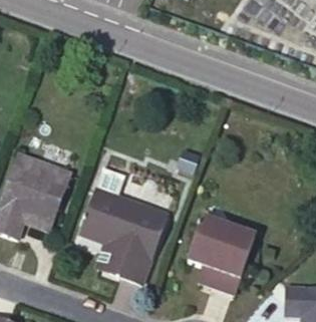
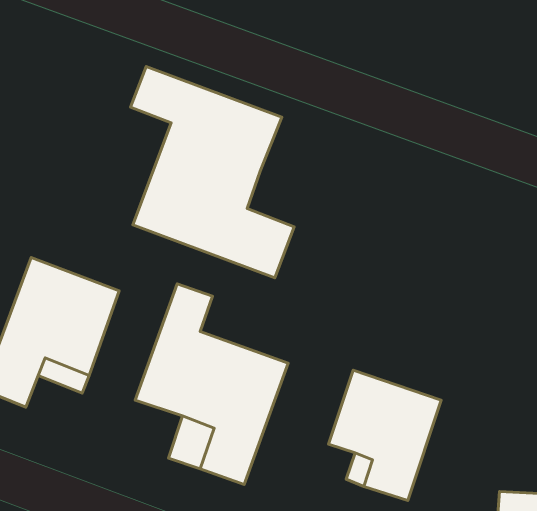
building: none -> [131,67,294,278]

